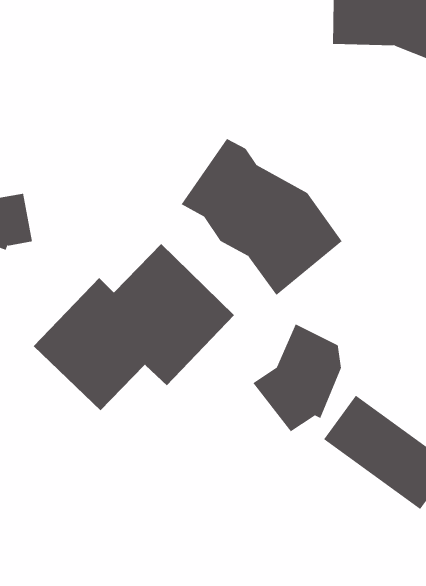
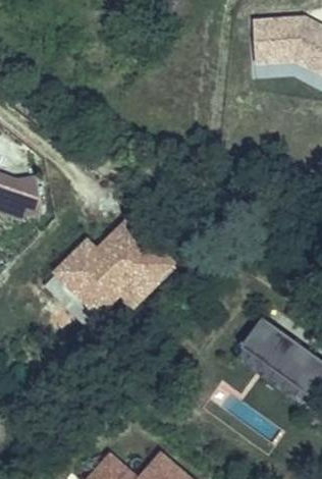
building: [181,138,343,296] -> none
building: [252,323,341,432] -> none

